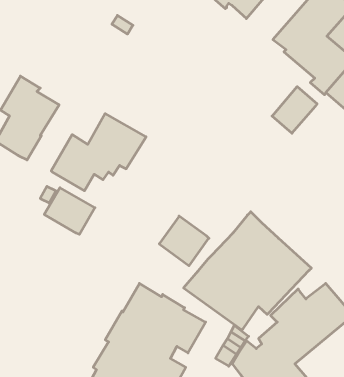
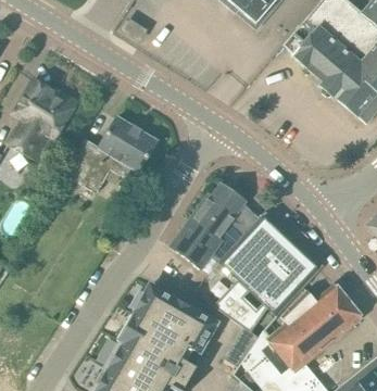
building: [272,87,317,133] -> none
building: none -> [190,182,257,237]
building: [44,188,95,234] -> none

